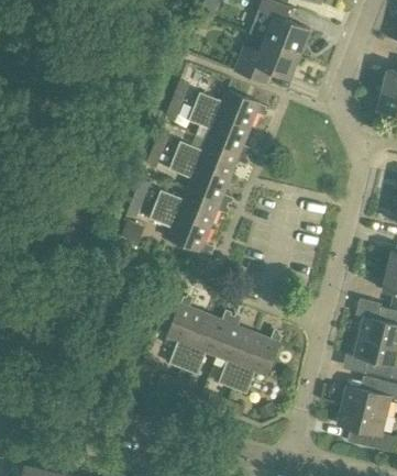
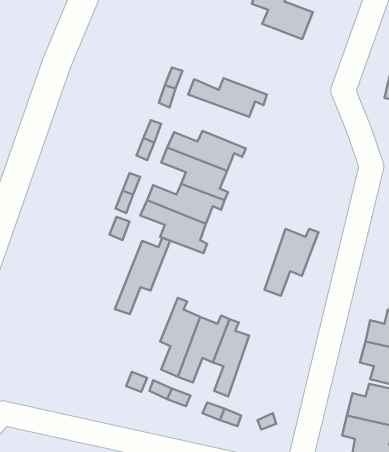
building: [232,40,300,80] -> none
building: [188,106,251,156] -> none
building: none -> [115,238,170,314]
building: [231,331,282,394] -> [264,229,318,296]

